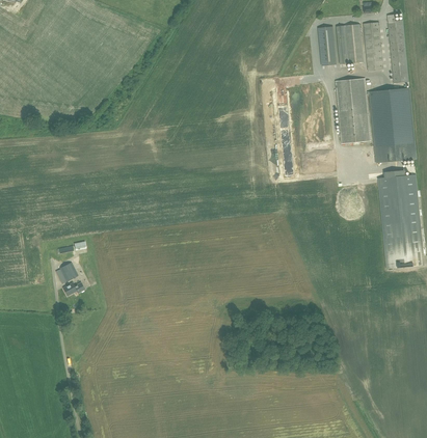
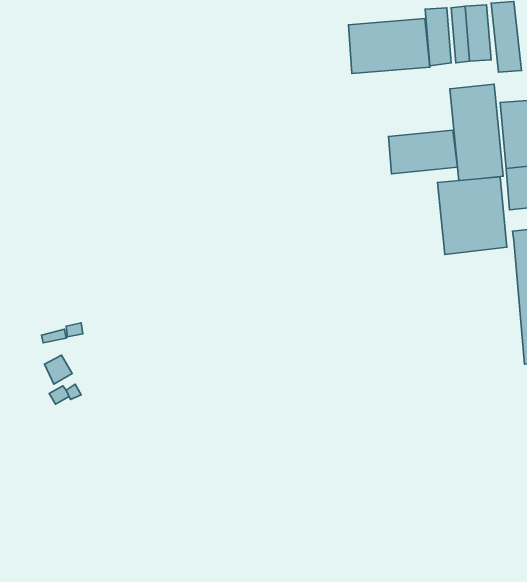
building: none -> [349,19,430,73]
building: none -> [388,130,458,174]
building: none -> [438,177,507,255]

